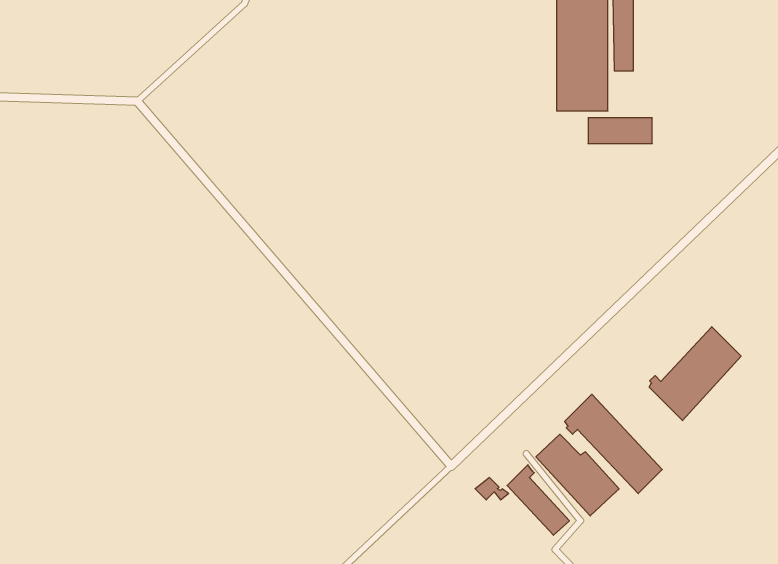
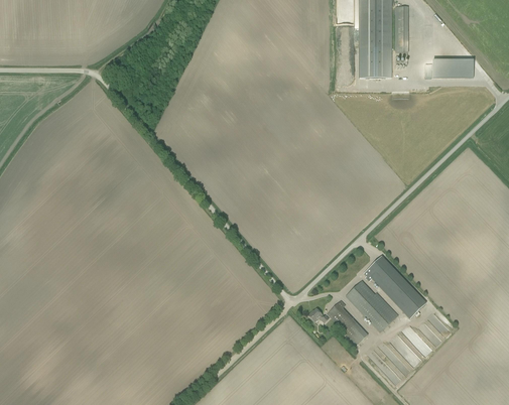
building: [588,118,652,144] -> [432,60,473,77]
building: [649,327,741,421] -> none

